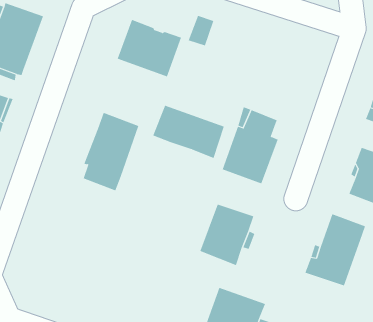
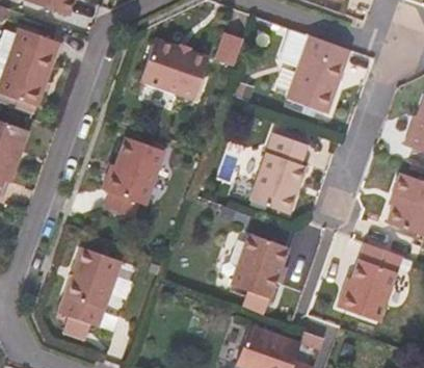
building: none -> [279,30,349,111]
building: [153,105,224,159] -> none
building: none -> [56,249,123,327]

